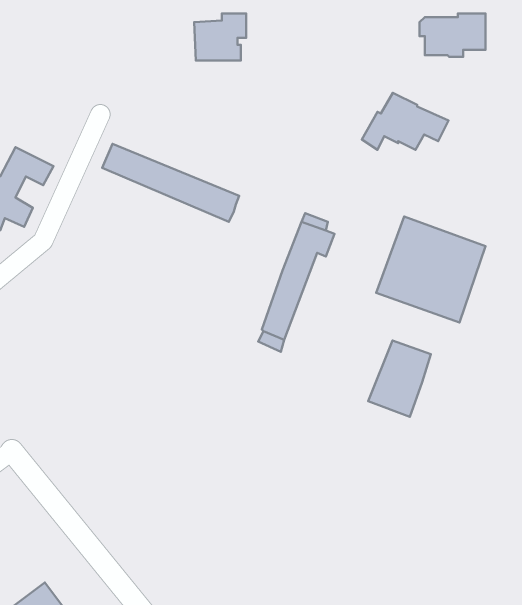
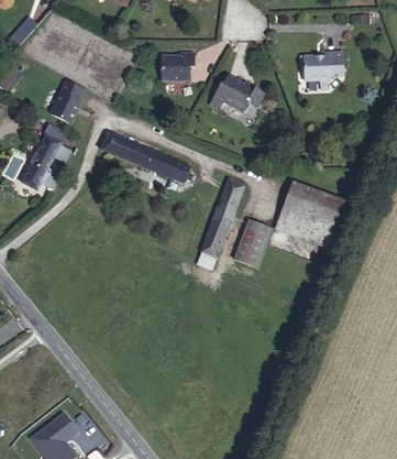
building: none -> [49,85,82,125]
building: [362,93,448,150] -> [209,74,264,110]
building: [368,340,431,417] -> [233,219,273,267]

